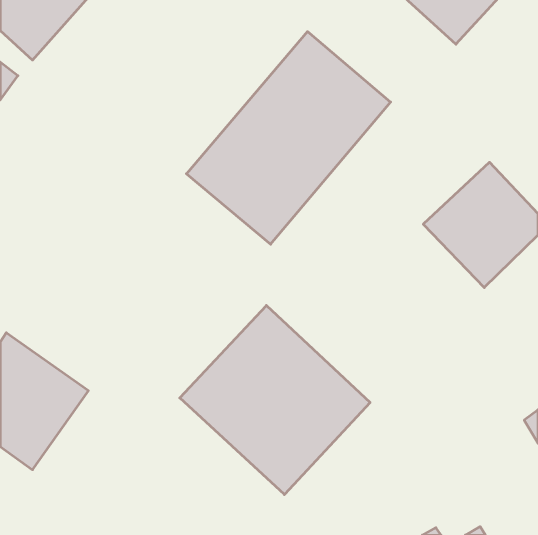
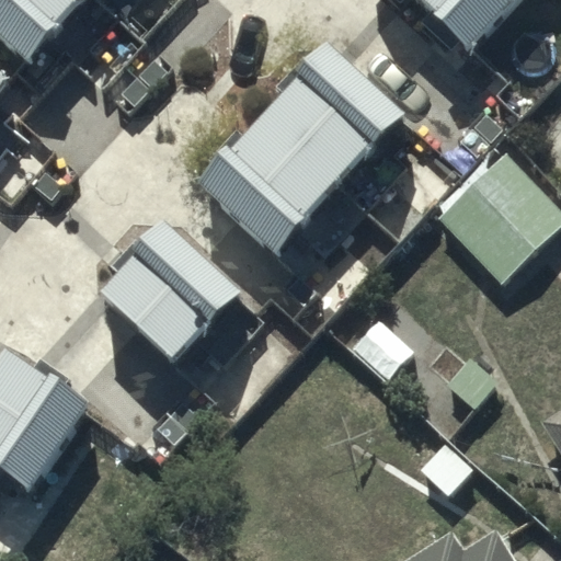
building: none -> [98,221,239,362]
building: [180,305,370,495] -> none

